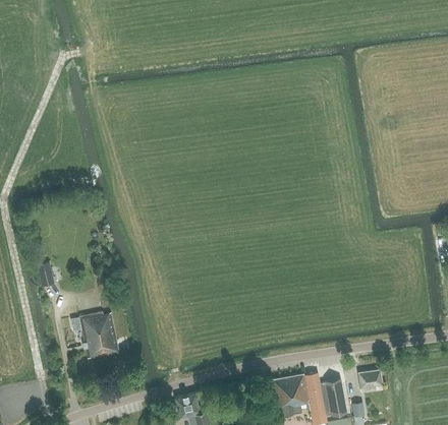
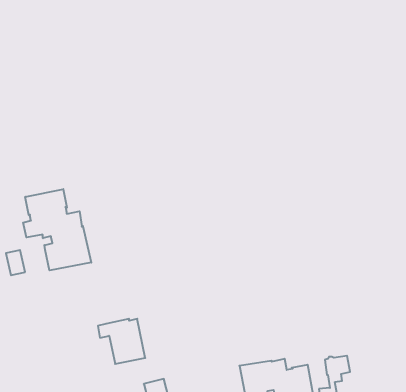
building: none -> [23,189,91,270]
building: [71,312,119,358] -> [98,319,145,364]

